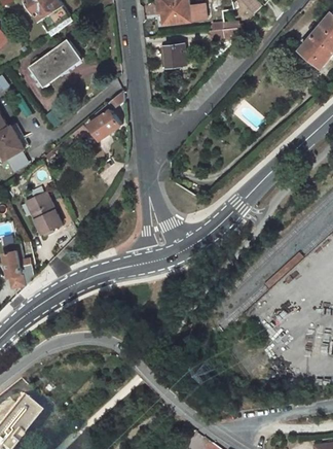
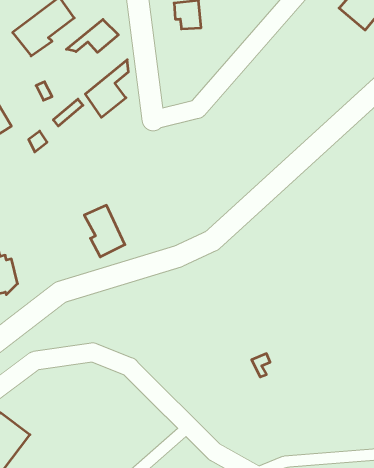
building: none -> [66,19,118,52]
building: [27,192,61,235] -> [84,205,125,257]

